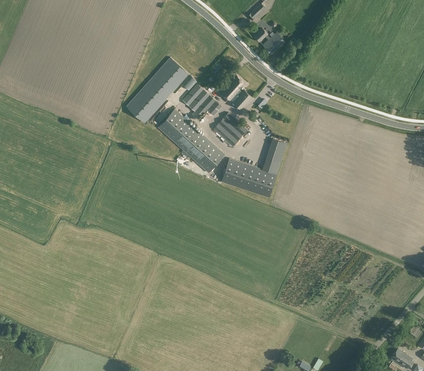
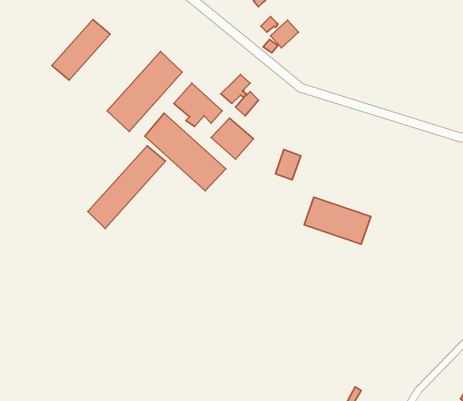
building: none -> [52,19,110,80]
building: none -> [88,146,166,228]
building: [220,158,275,197] -> [304,197,371,244]

